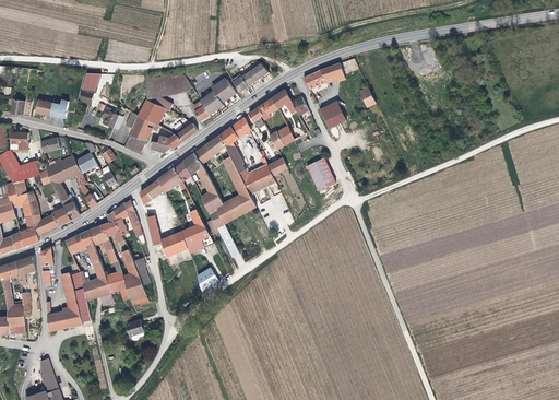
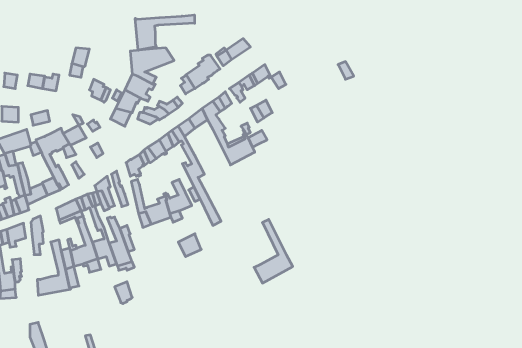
building: none -> [135,15,195,50]
building: [305,62,345,89] -> none
building: [320,98,347,127] -> none
building: [214,157,254,224] -> [254,219,293,283]
building: [307,157,336,190] -> none

